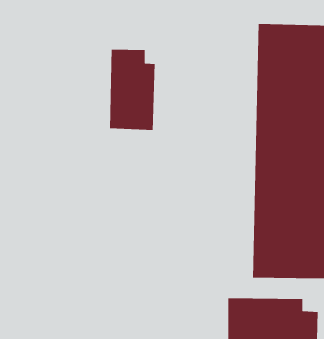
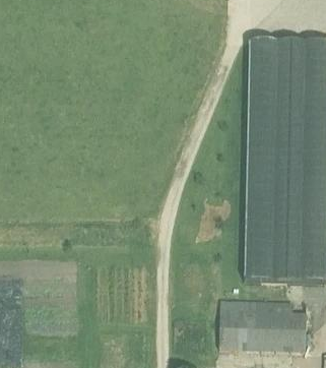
building: [109,49,155,131] -> none

